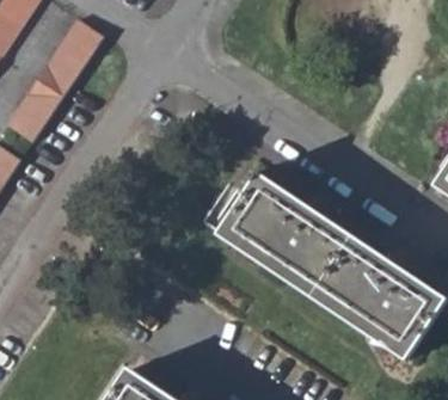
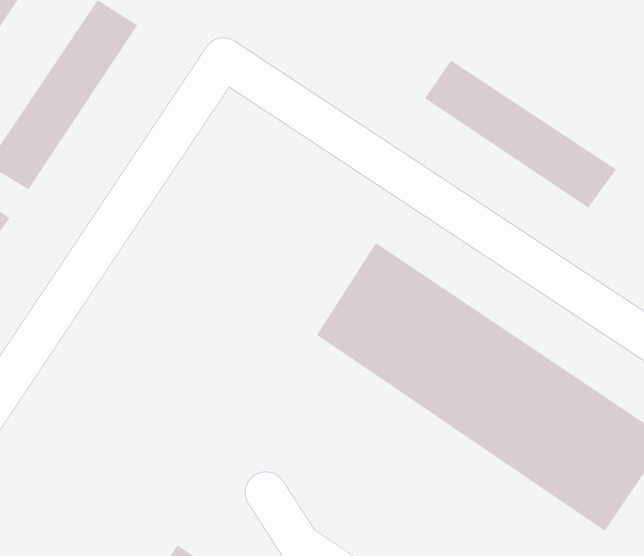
building: none -> [424,60,617,209]

